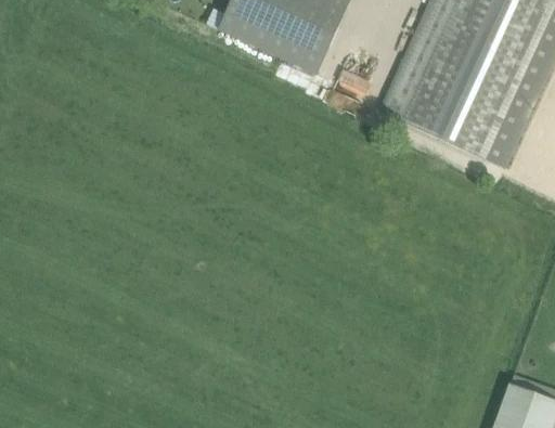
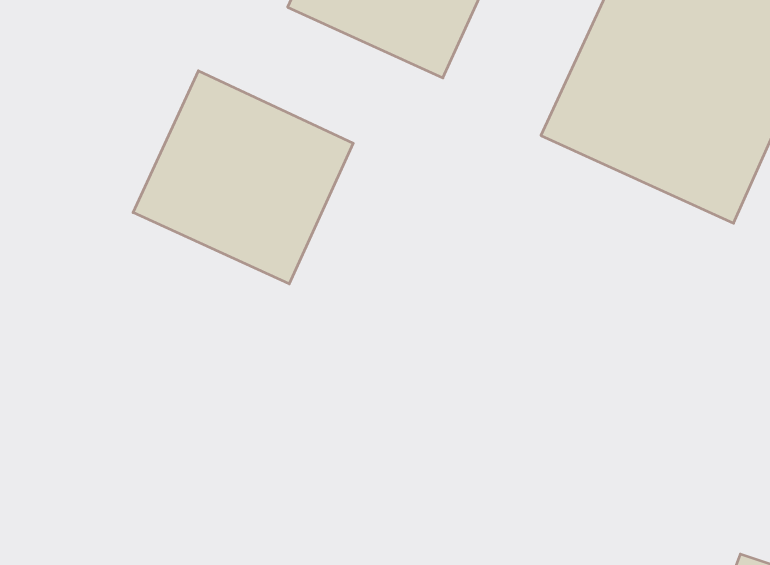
building: none -> [133,71,353,284]

